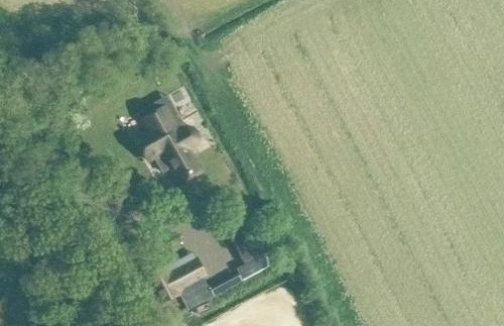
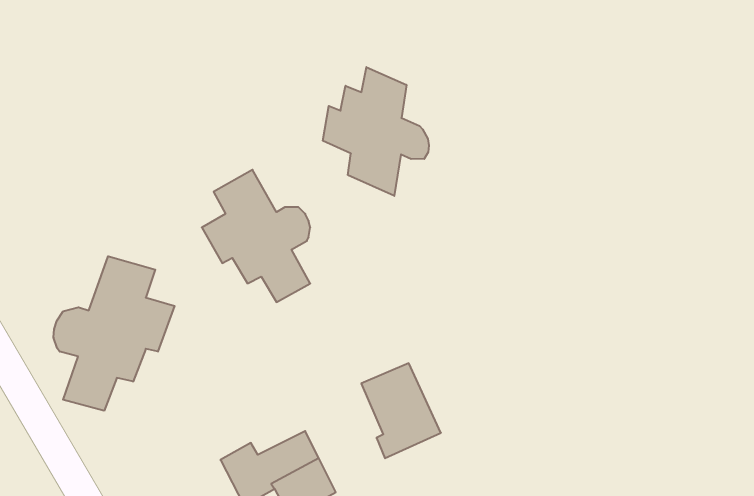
building: none -> [323,67,429,196]
building: none -> [54,256,175,411]

